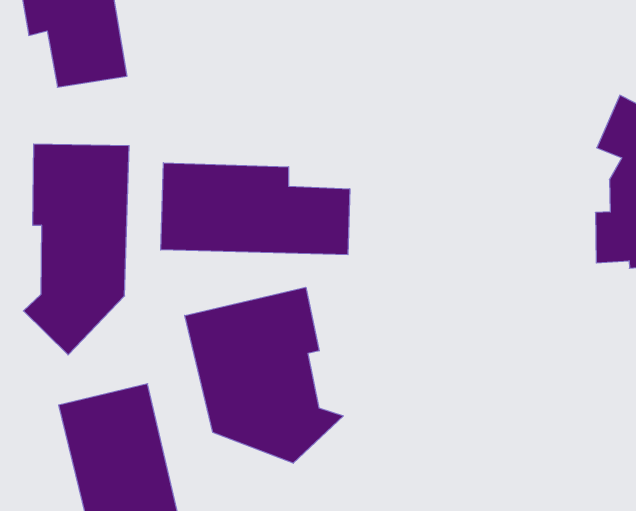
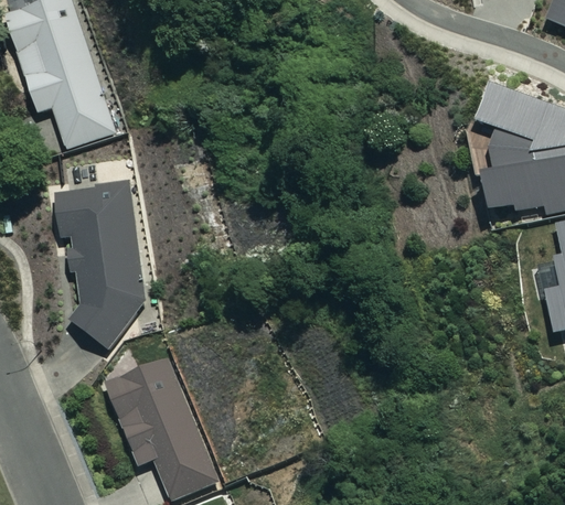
building: [161,163,350,255] -> none
building: [185,287,343,463] -> none

